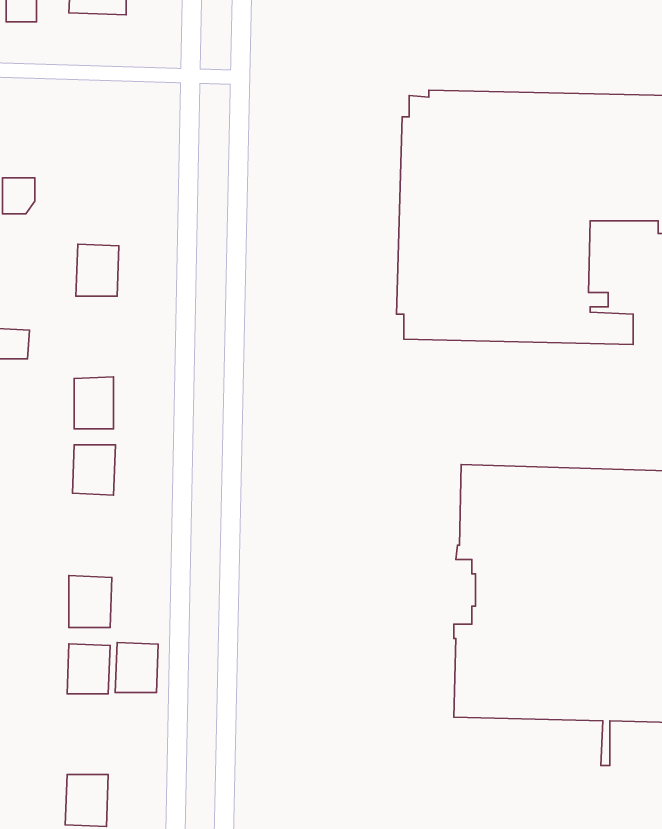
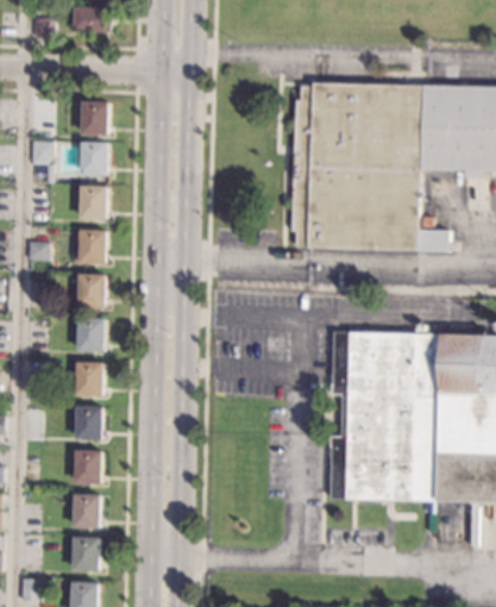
building: none -> [81,101,108,136]
building: none -> [81,140,108,175]
building: none -> [70,230,106,264]
building: none -> [75,362,102,395]
building: [115,642,158,693] -> [71,494,100,527]

